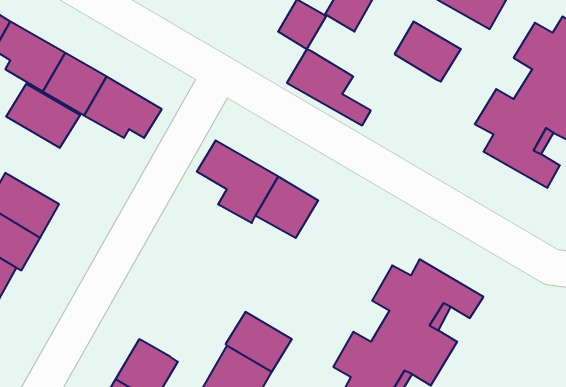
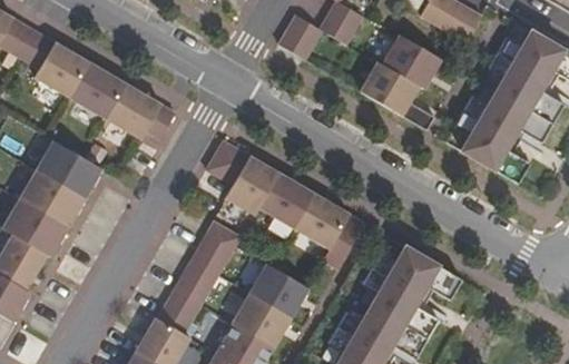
building: [287,49,371,125] -> [360,61,434,129]
building: [6,84,80,148] -> [36,140,101,197]
building: none -> [294,194,364,268]
building: none -> [157,220,239,333]
building: none -> [249,264,307,317]

